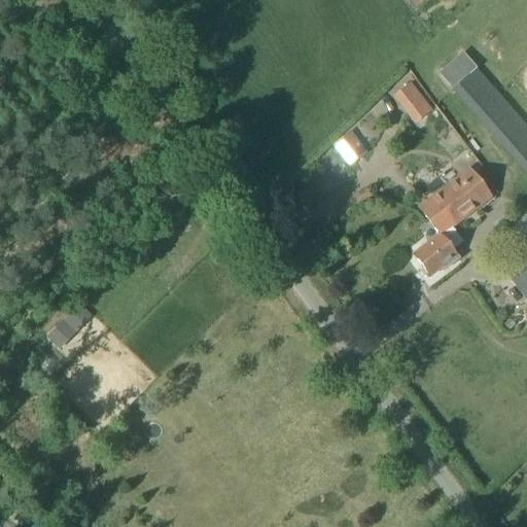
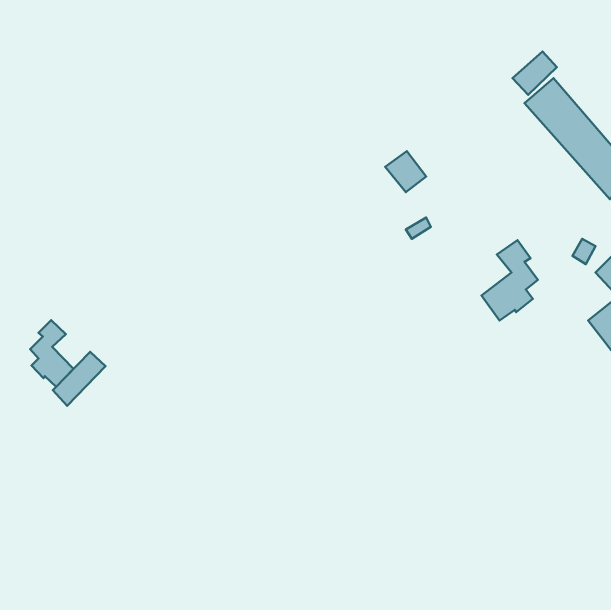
building: [398,76,437,118] -> none
building: [420,168,491,221] -> none
building: none -> [30,320,74,387]

